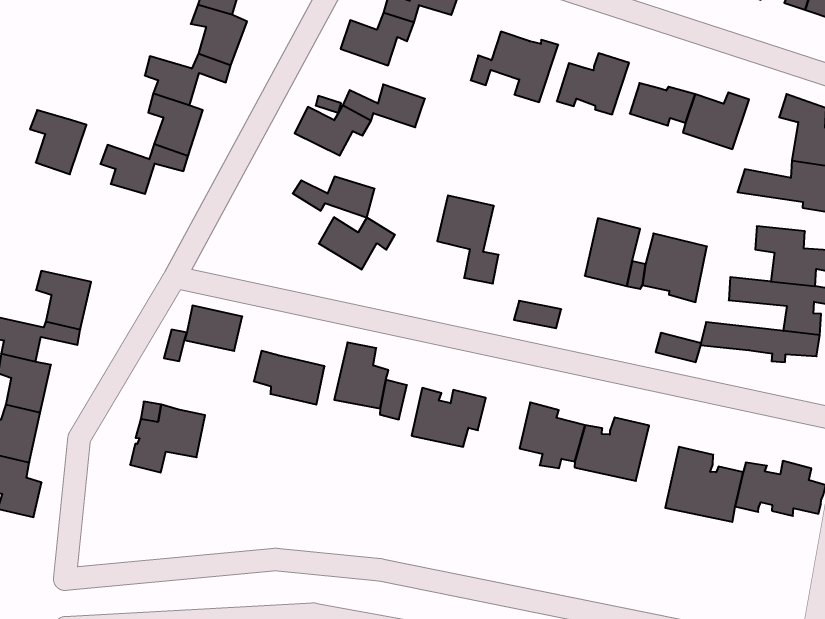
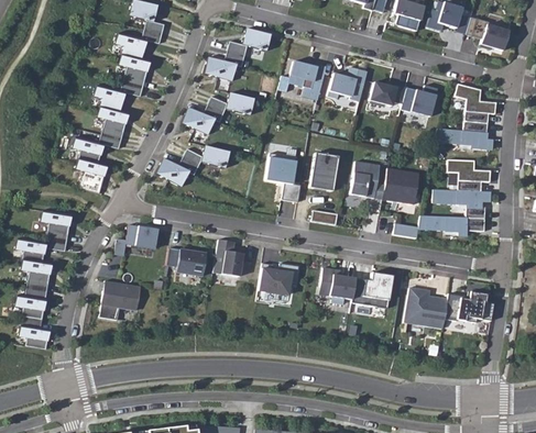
building: [30,110,87,174] -> [76,158,108,193]
building: none -> [310,152,339,191]
building: [319,217,395,270] -> [156,157,199,187]

